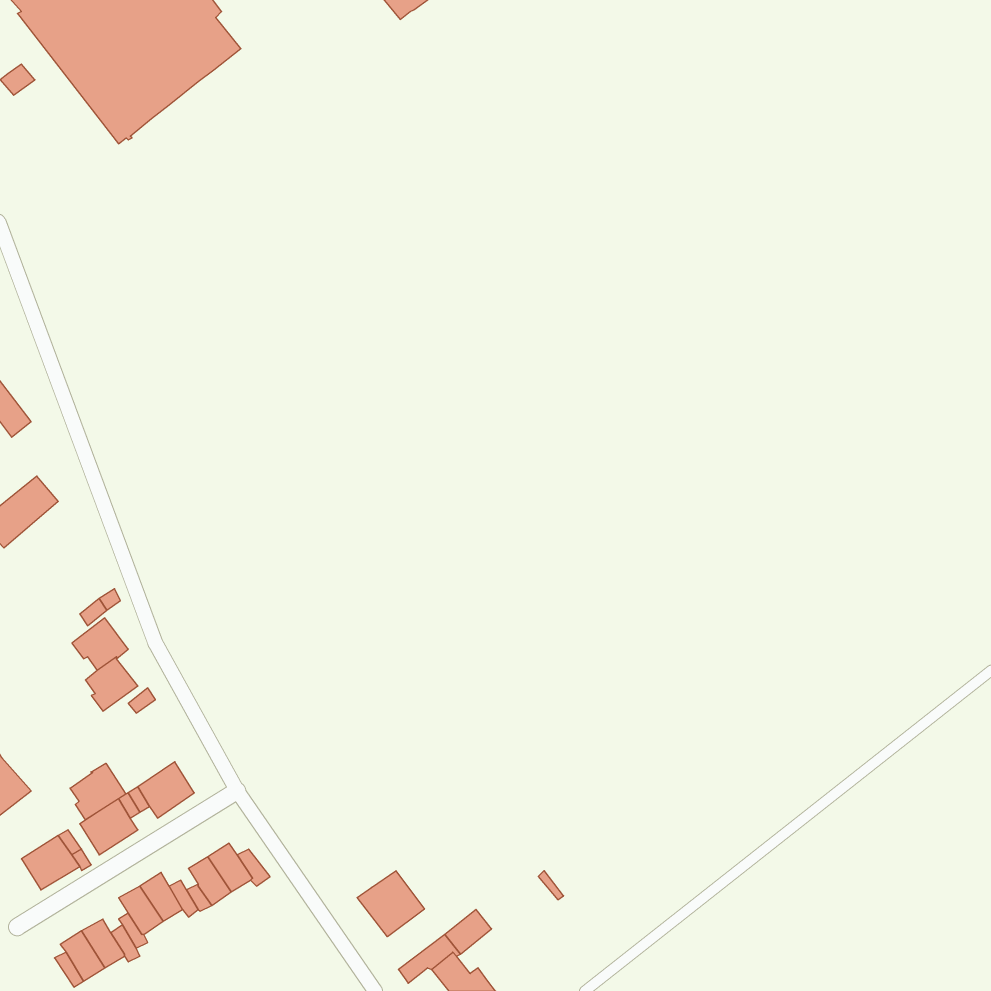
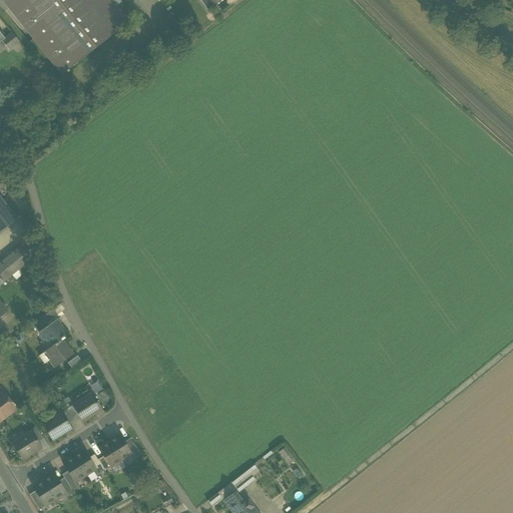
building: [70,763,126,820] -> none
building: [357,871,424,937] -> none

